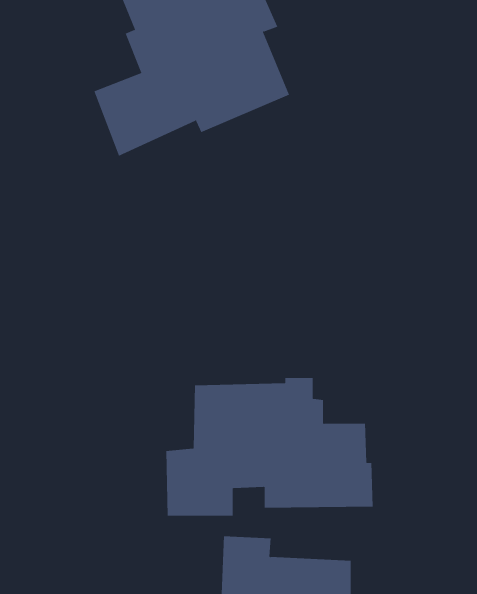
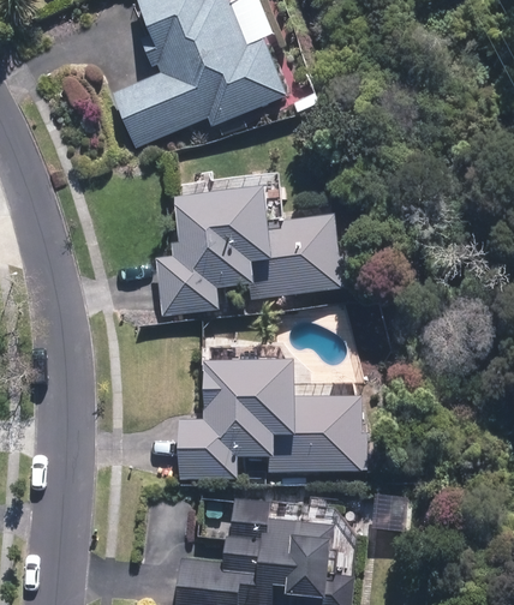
building: none -> [145,173,333,318]

